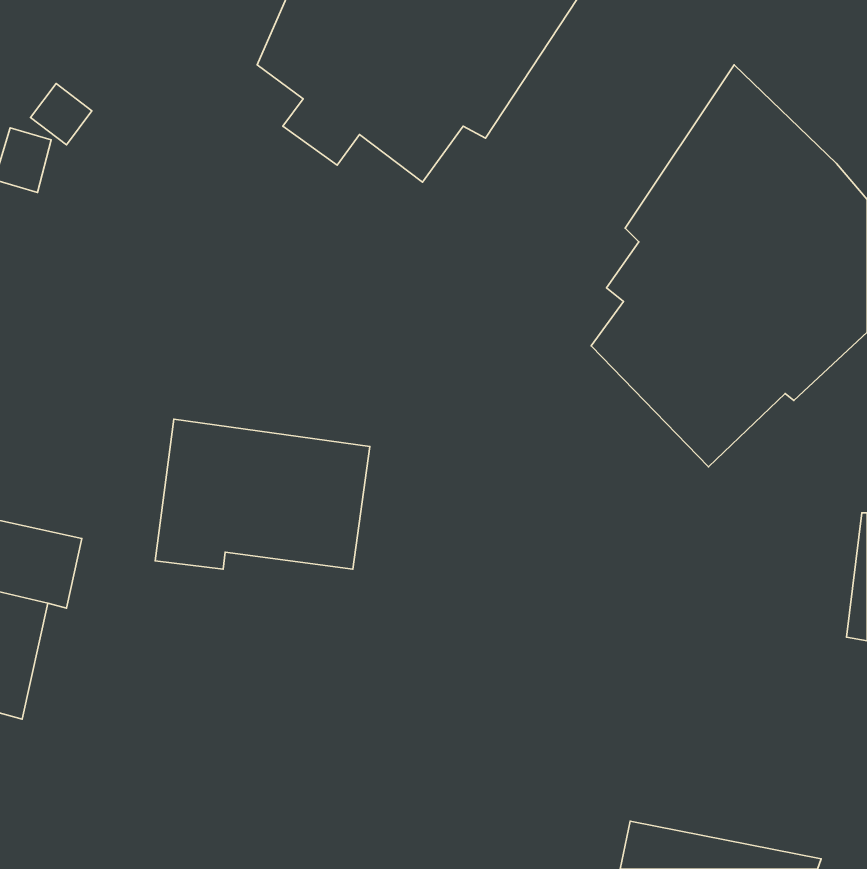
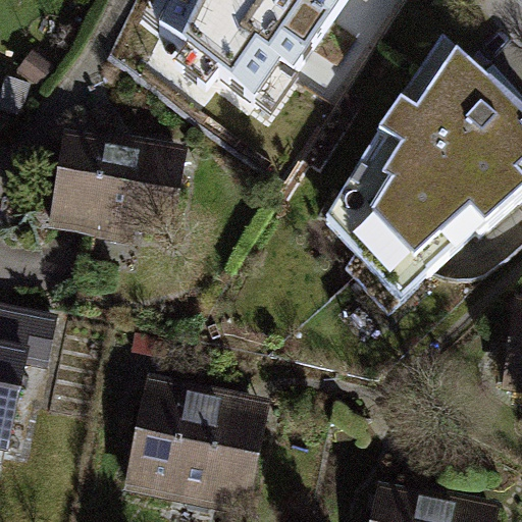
building: [155,419,370,569] -> [52,141,180,230]
building: none -> [124,389,262,498]

